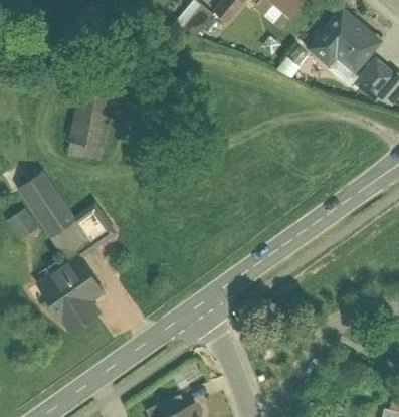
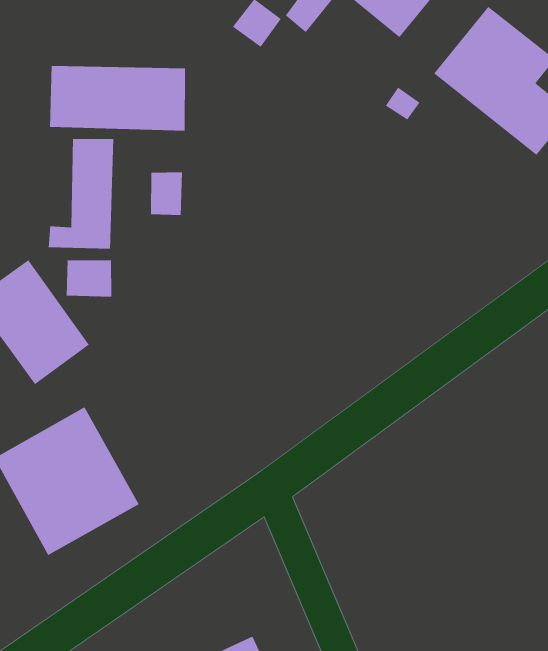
building: none -> [49,65,186,132]
building: none -> [150,172,183,216]
building: none -> [66,260,112,298]

